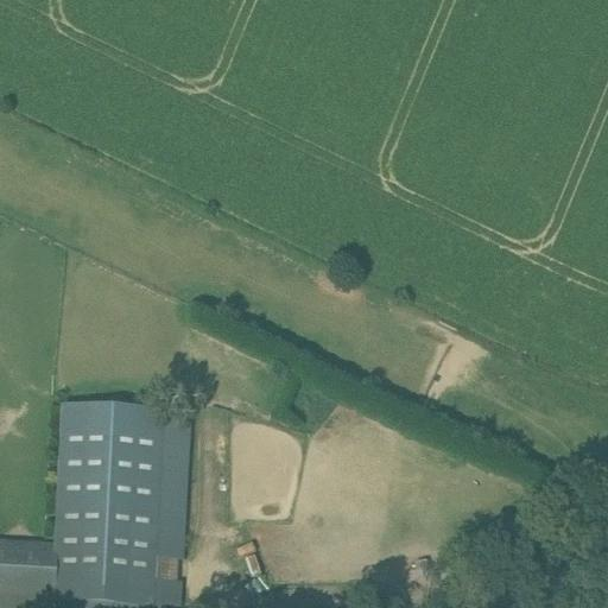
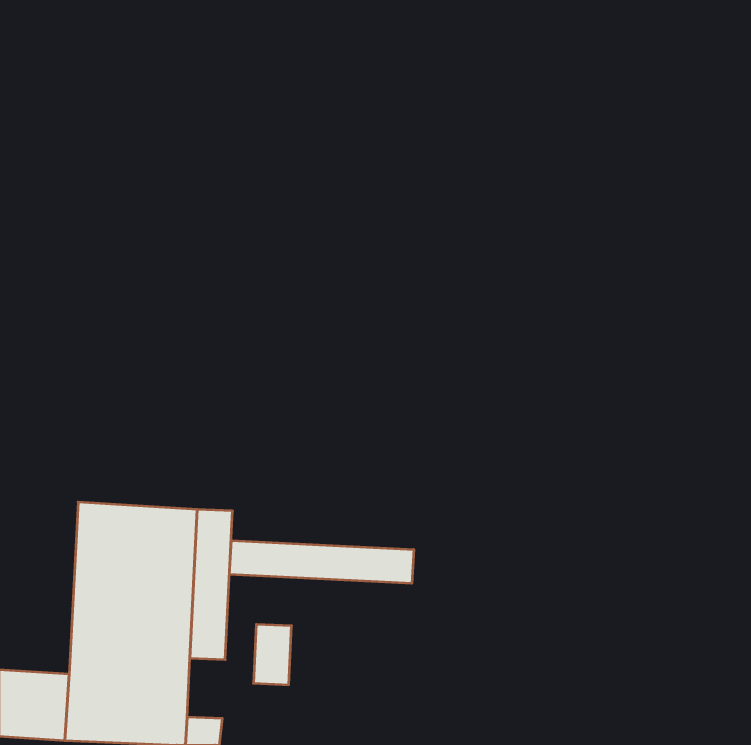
building: none -> [230,540,414,583]
building: [151,531,182,580] -> [253,624,292,685]

